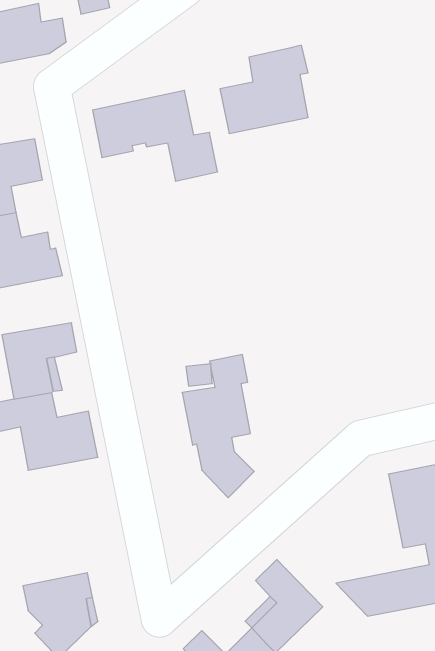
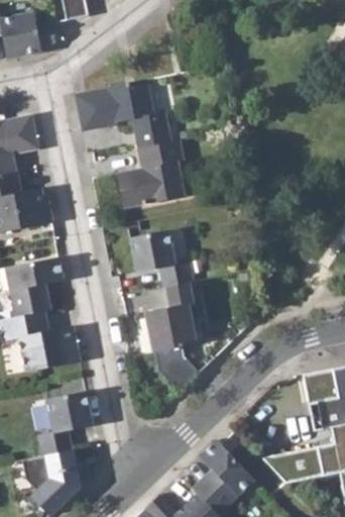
building: [220,45,308,133] -> [116,140,184,208]
building: none -> [129,231,192,288]
building: none -> [37,390,92,456]

